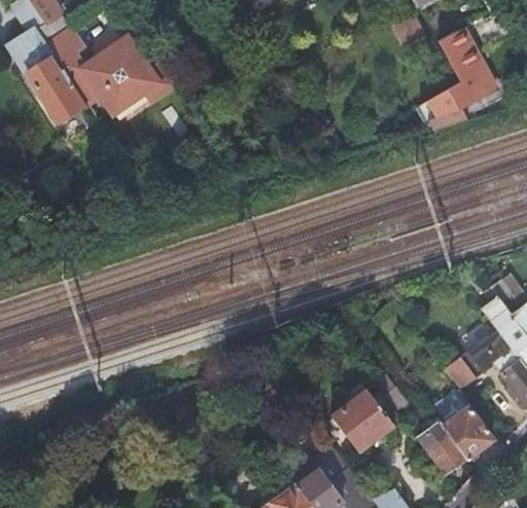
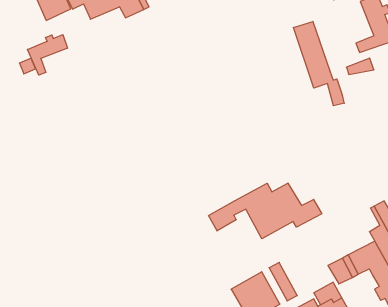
building: none -> [293,21,344,106]
building: none -> [27,35,67,75]
building: none -> [209,183,322,239]

